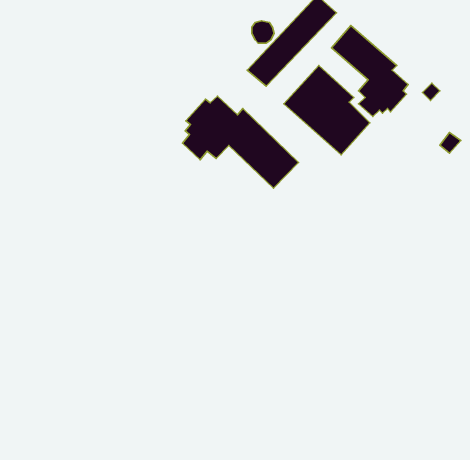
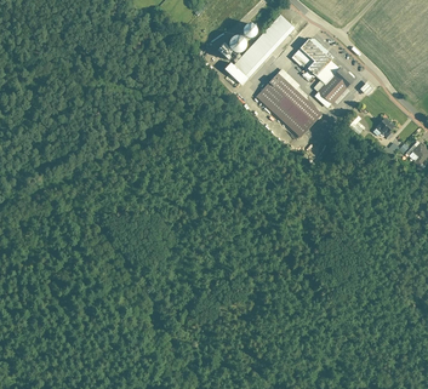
building: [182,96,299,188] -> none

